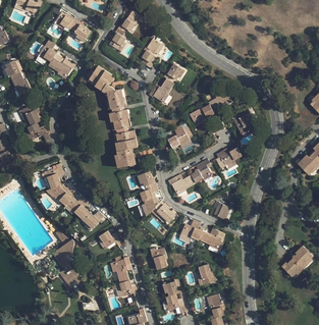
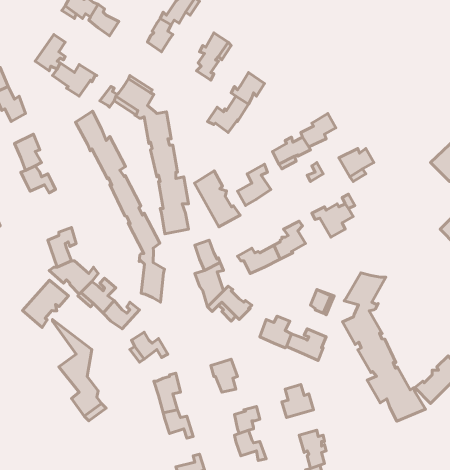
building: none -> [76,111,164,302]
building: none -> [194,171,240,227]
building: none -> [342,273,425,421]
building: none -> [23,280,69,328]

